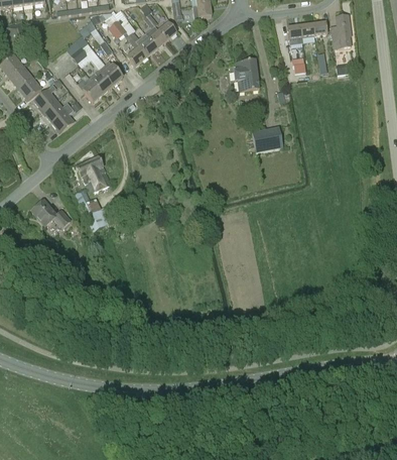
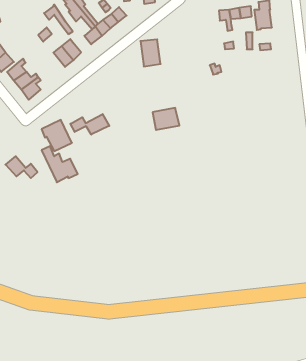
building: [235,59,259,91] -> [140,39,161,66]
building: [63,71,103,101] -> none
building: [251,125,283,151] -> [153,108,179,130]
building: none -> [70,114,109,135]

